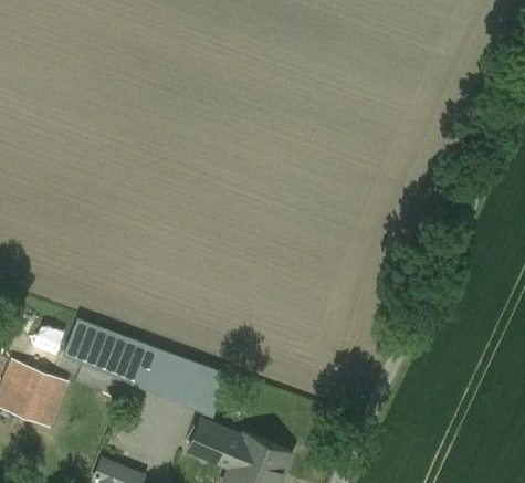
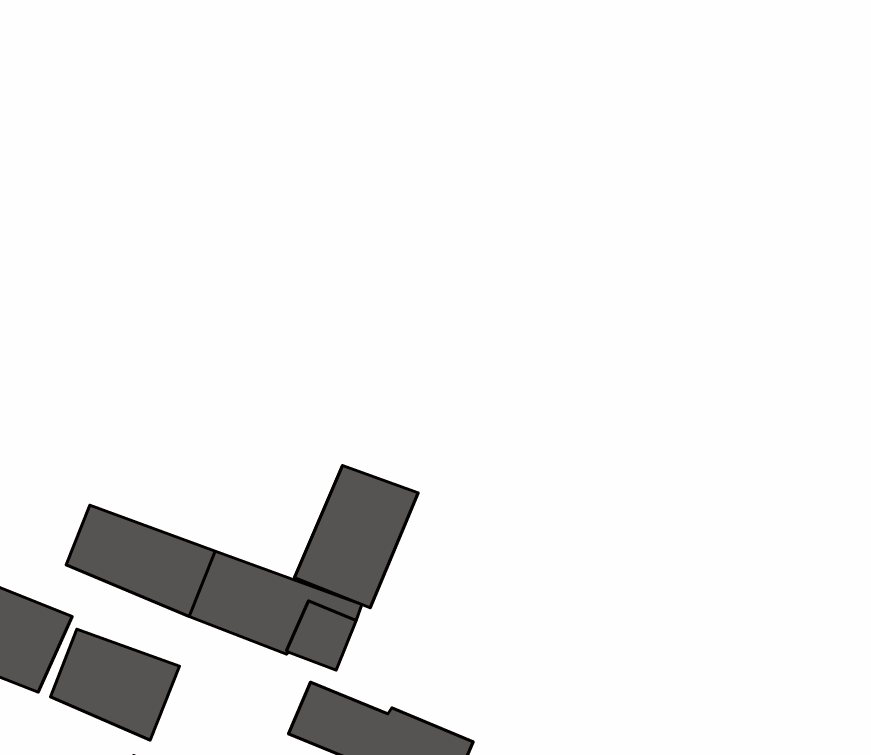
building: none -> [295,465,418,608]
building: none -> [51,629,179,740]

